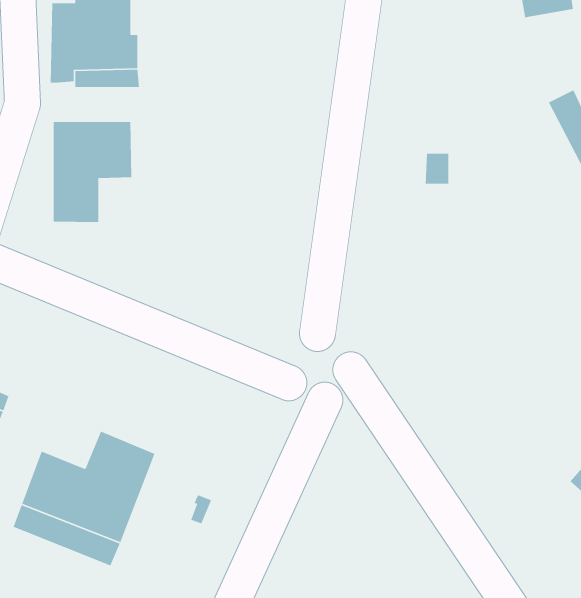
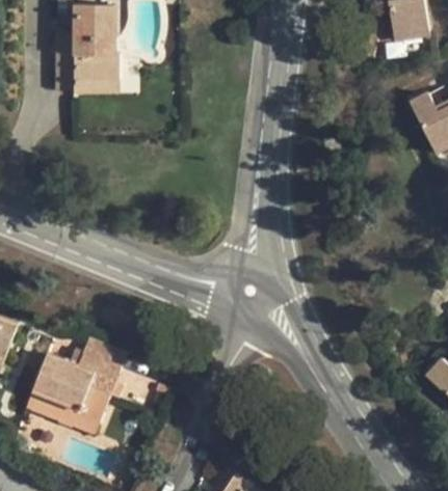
building: [53,121,132,223] -> none

